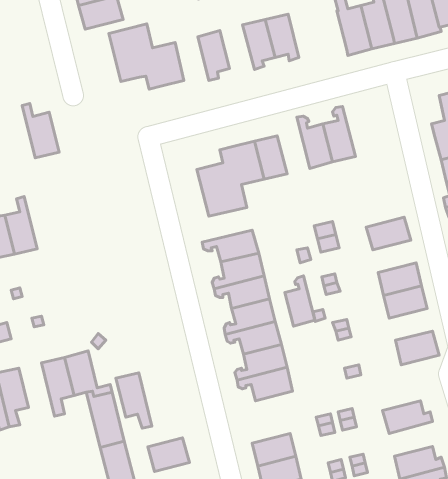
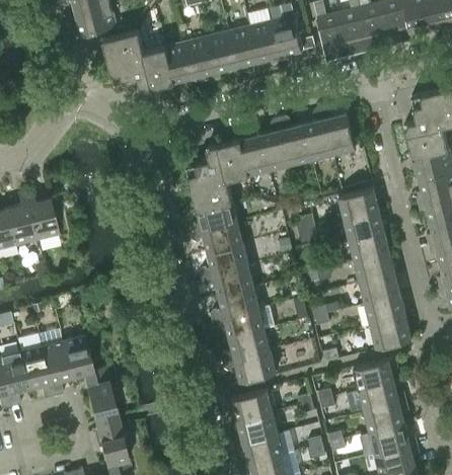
building: none -> [271,15,315,62]
building: none -> [207,31,239,75]
building: none -> [165,43,197,85]
building: [22,103,59,158] -> [24,189,59,240]
building: none -> [321,105,356,154]
building: none -> [260,117,291,170]
building: none -> [338,188,379,220]
building: none -> [189,202,237,234]
building: none -> [350,232,390,262]
building: [285,276,315,326] -> none
building: none -> [365,296,405,325]
building: [116,373,152,428] -> [19,346,53,398]
building: none -> [354,358,397,391]
building: none -> [231,390,273,421]
building: none -> [365,401,408,433]
building: [148,438,189,472] -> none

